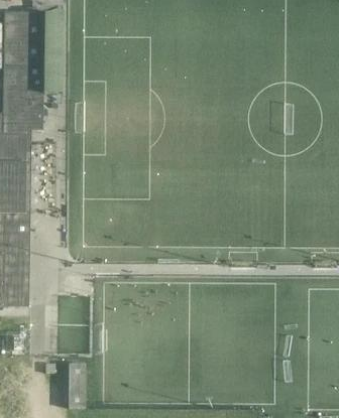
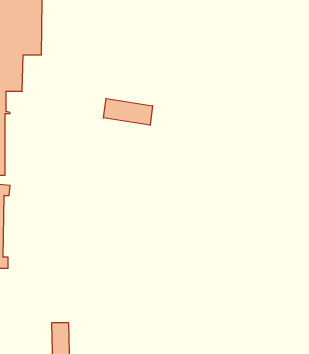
building: none -> [103,98,153,125]

